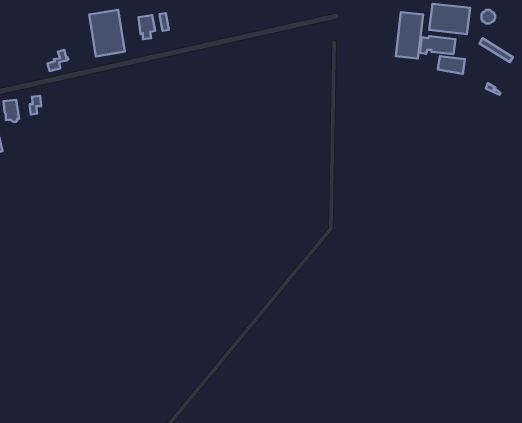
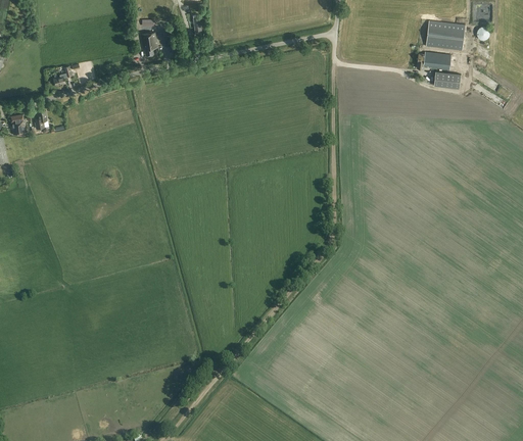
building: [89,10,125,56] -> none
building: [396,12,423,58] -> none

